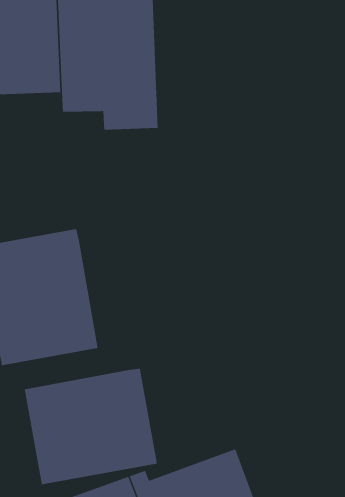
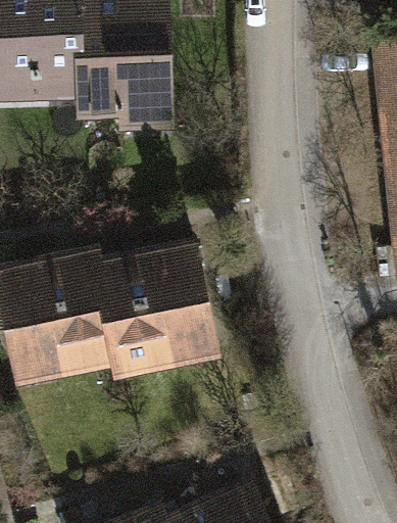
building: none -> [96,236,225,377]
building: [24,368,158,485] -> none

